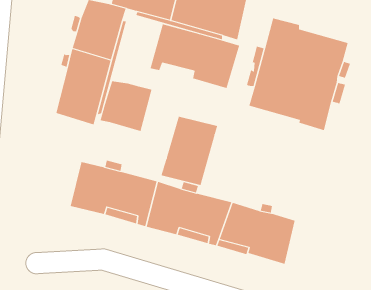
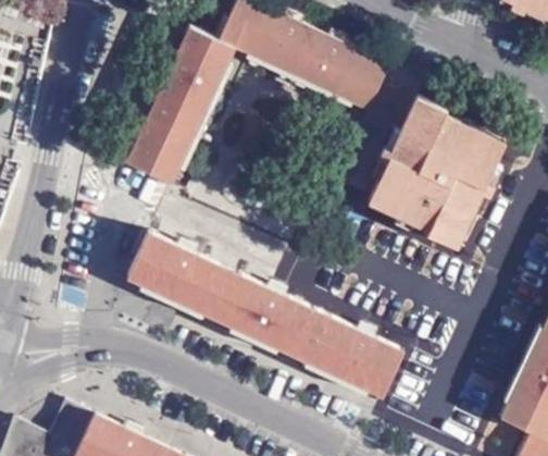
building: [150,24,240,89] -> none
building: [100,81,152,132] -> none
building: [161,116,218,186] -> none

